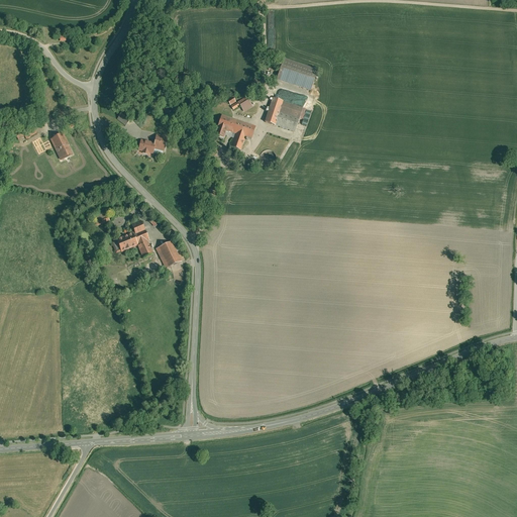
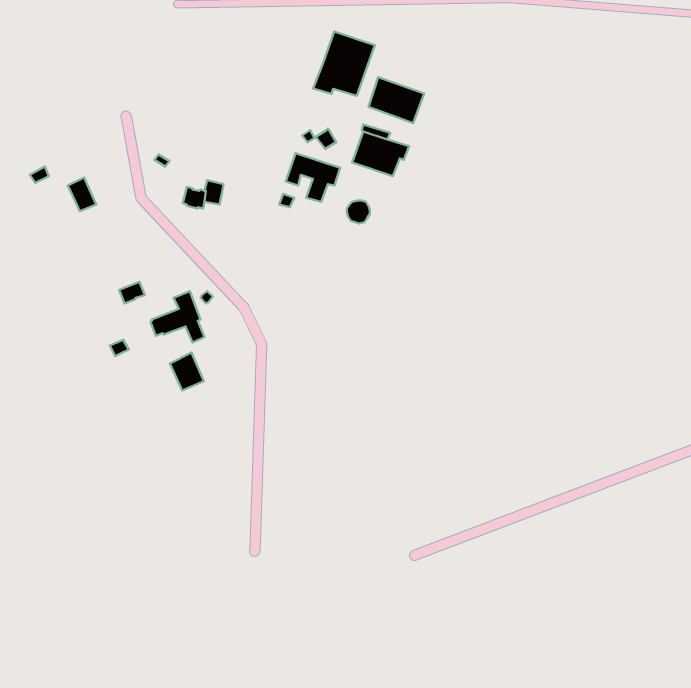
building: none -> [313,31,375,96]
building: [156,240,181,269] -> [170,353,204,391]

